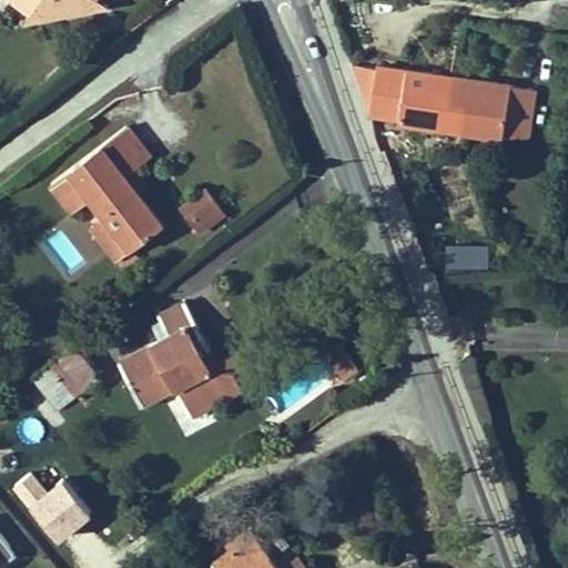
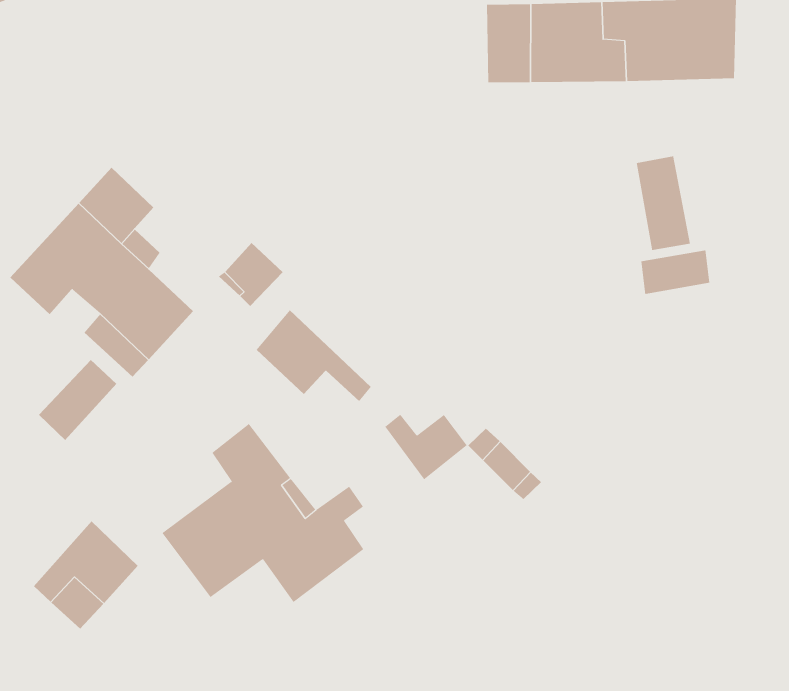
building: none -> [636,156,691,251]
building: none -> [256,310,371,402]
building: none -> [38,359,117,441]
building: none -> [384,414,467,480]

